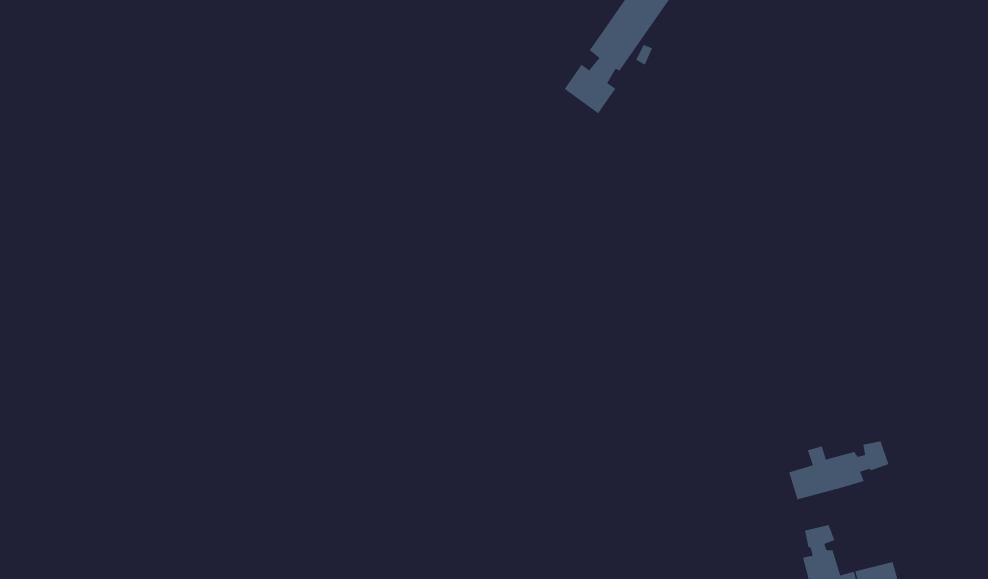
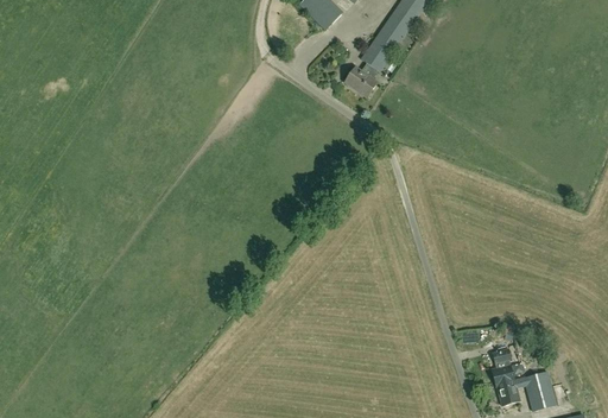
building: [788,440,889,500] -> none

